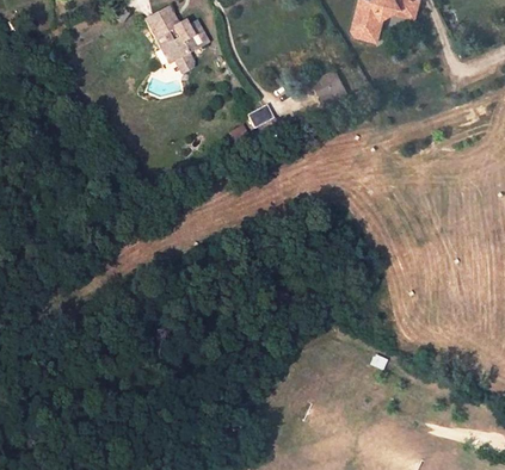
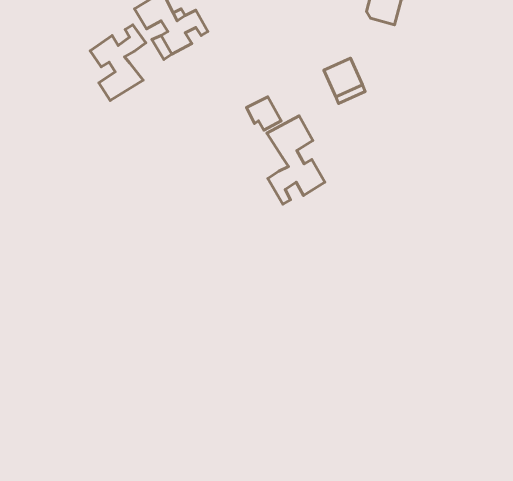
building: none -> [90,25,146,101]
building: none -> [267,116,325,204]

